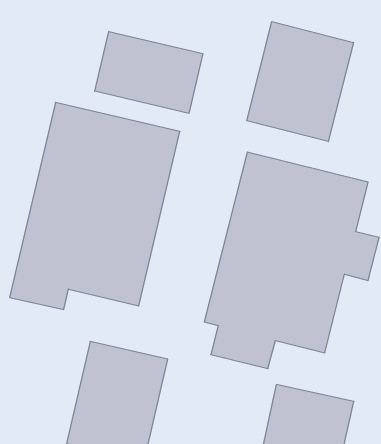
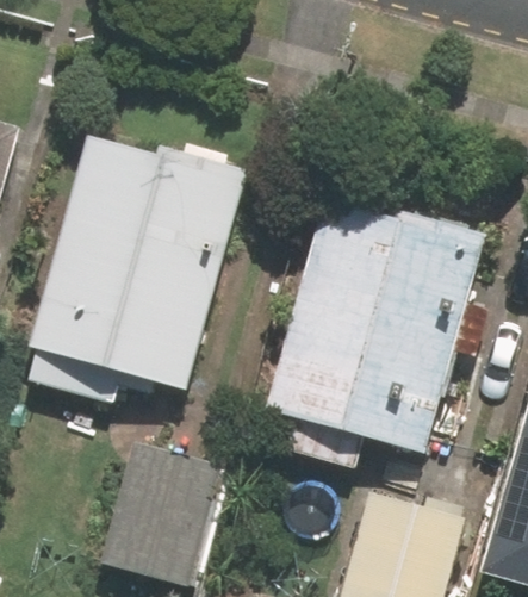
building: [247,22,353,142] -> none
building: [95,31,203,113] -> none

